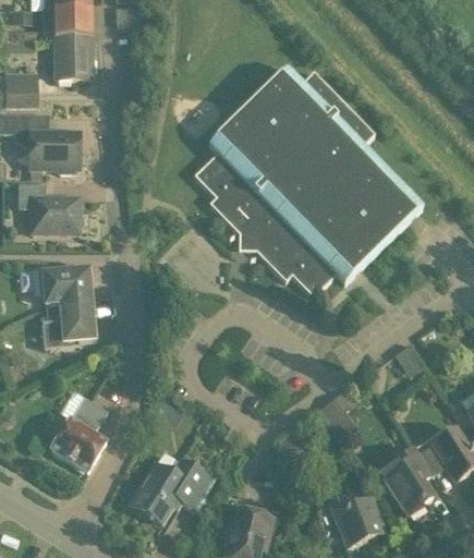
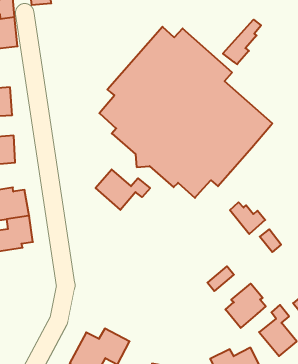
building: none -> [223,20,261,64]
building: none -> [96,169,150,210]
building: none -> [230,202,265,234]
building: [50,397,108,472] -> none
building: none -> [225,284,266,328]

